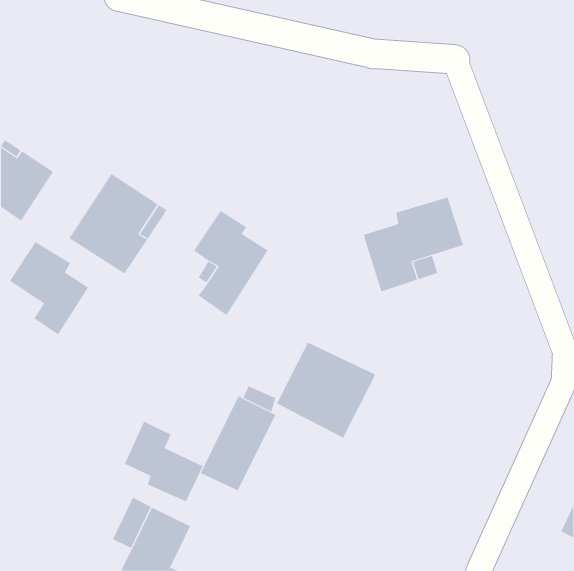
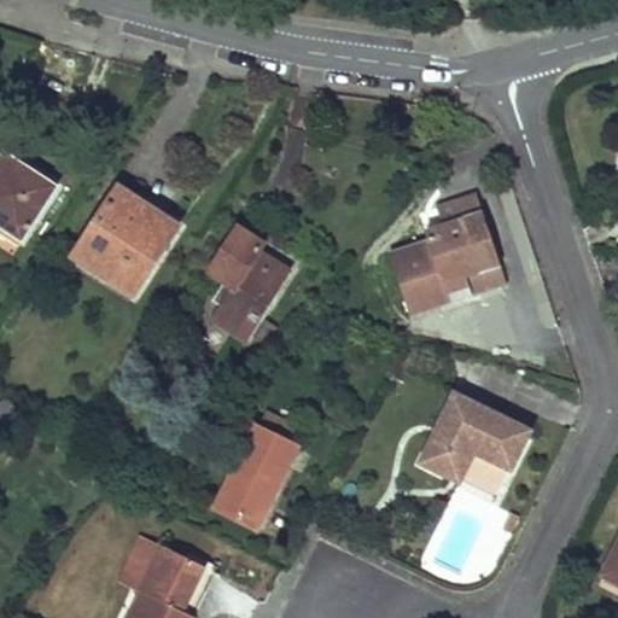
building: [9,241,89,335] -> none
building: [276,342,376,438] -> [421,393,529,497]
building: [124,421,203,502] -> none

